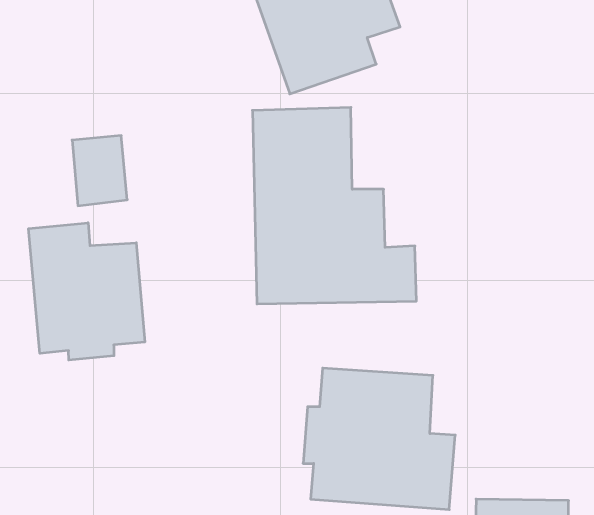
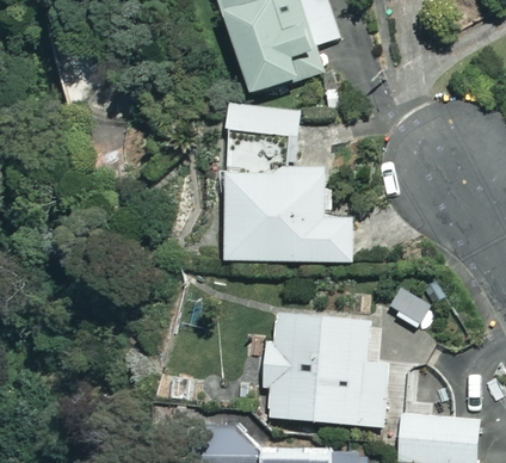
building: [29,223,145,360] -> none

